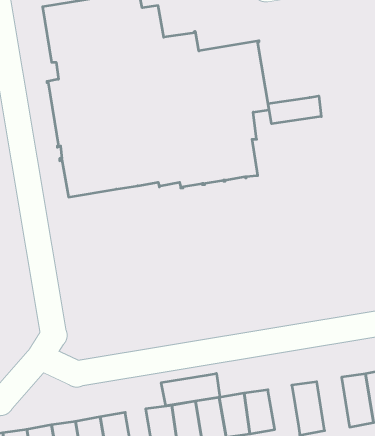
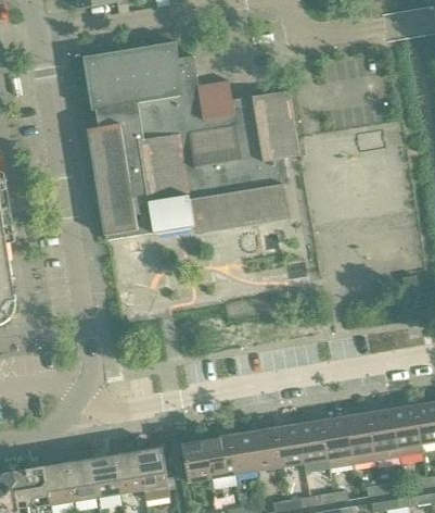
building: [268,96,321,124] -> none
building: [161,373,220,406] -> none
building: none -> [344,412,375,463]
building: none -> [297,420,327,462]

